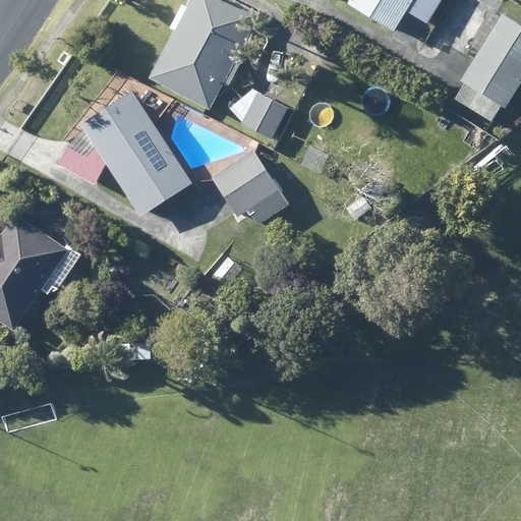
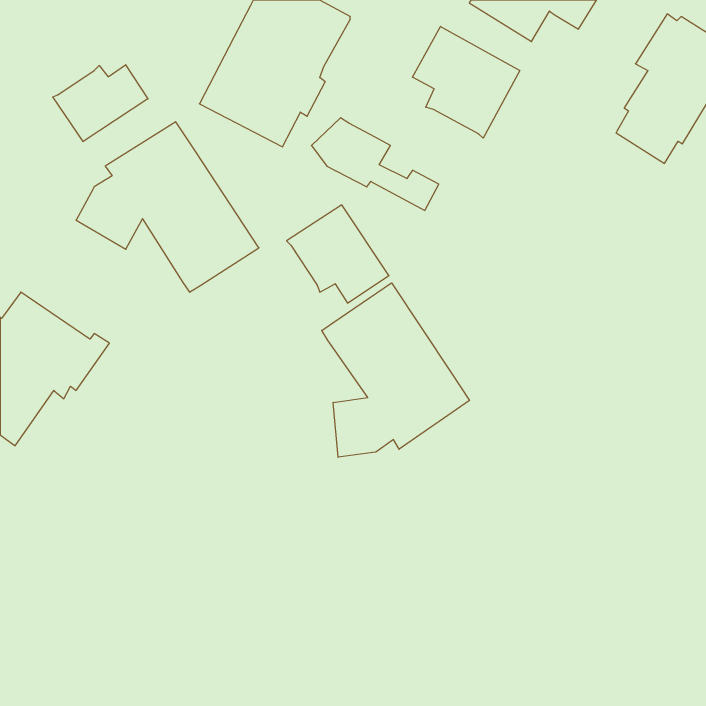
building: none -> [412,26,520,138]
building: none -> [53,65,148,142]
building: none -> [322,283,469,457]

